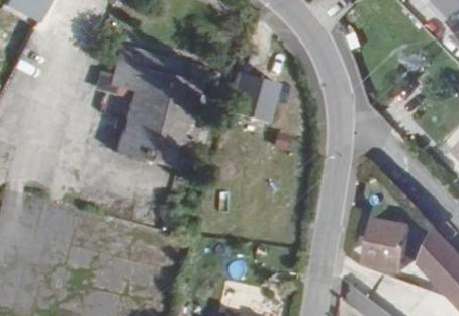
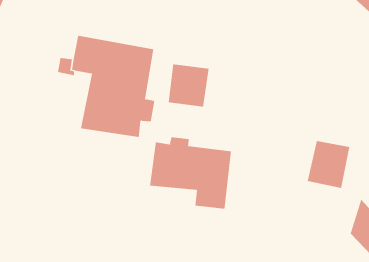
building: none -> [149,136,231,209]
building: [360,221,407,273] -> [307,140,350,188]

